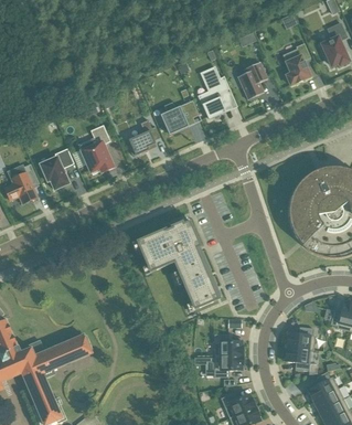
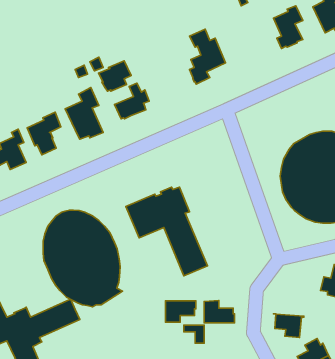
building: [238,61,268,98] -> none
building: [154,104,186,134] -> [99,61,131,91]
building: none -> [43,210,123,307]
building: [282,326,313,348] -> none
building: [214,354,244,375] -> [166,301,196,322]

